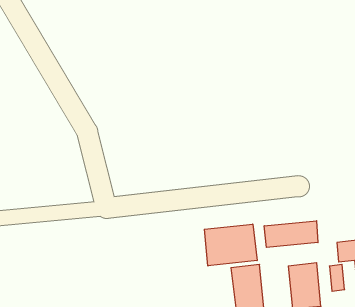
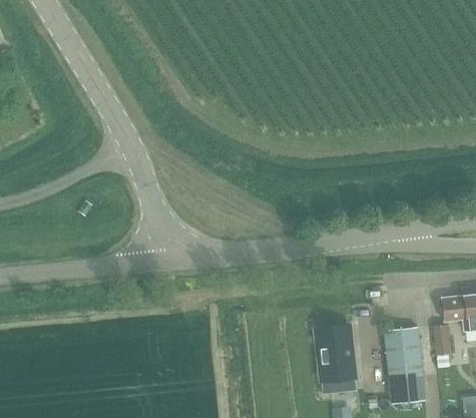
building: [264,221,318,247] -> none
building: [204,224,257,266] -> none

